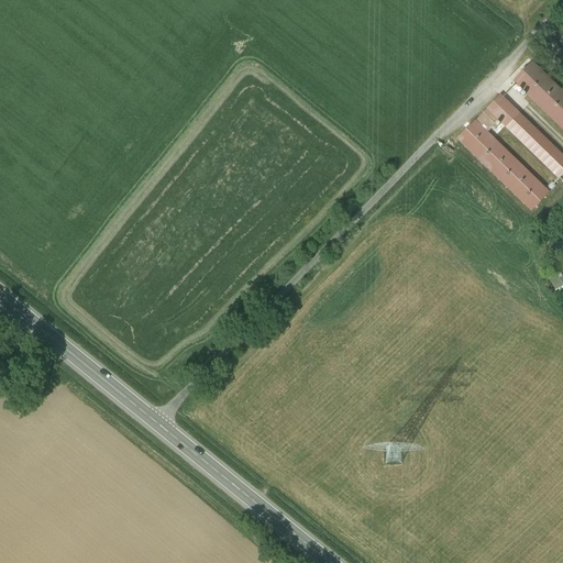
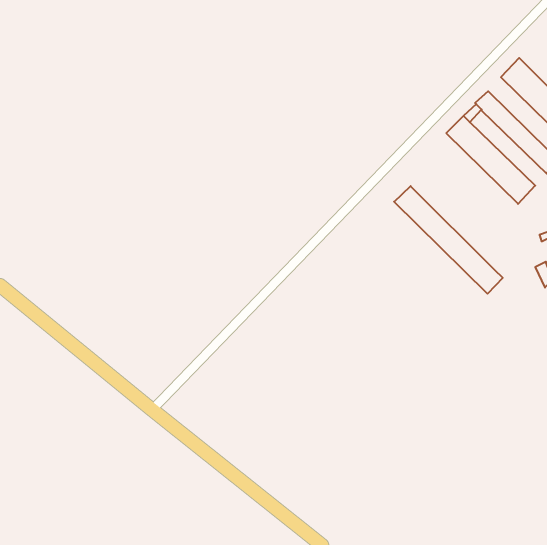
building: none -> [394,186,503,294]

